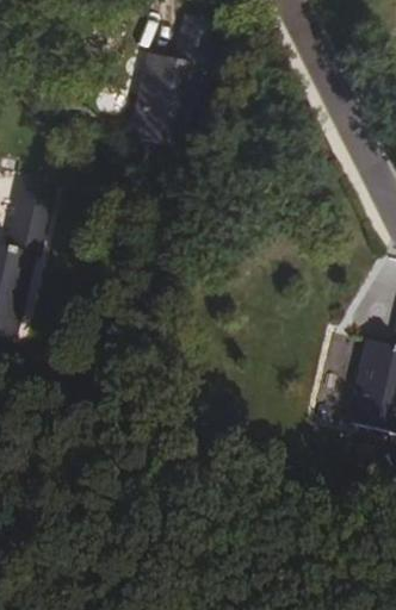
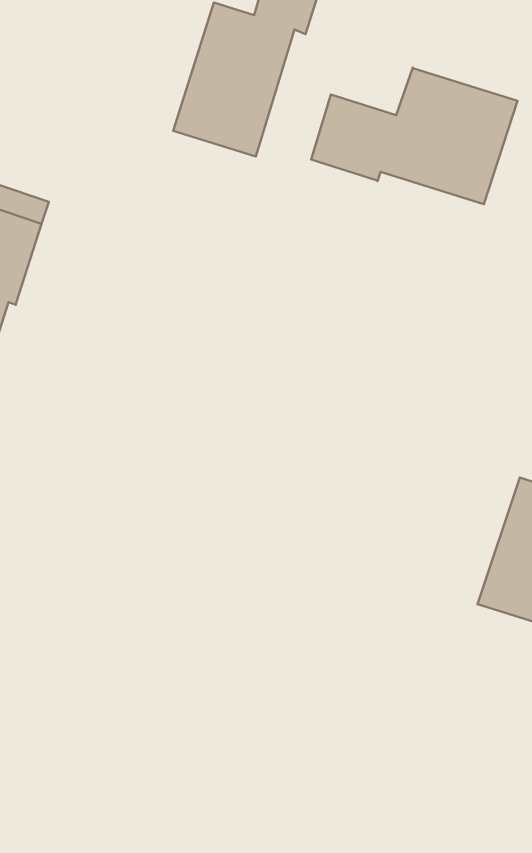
building: none -> [311,67,517,204]

